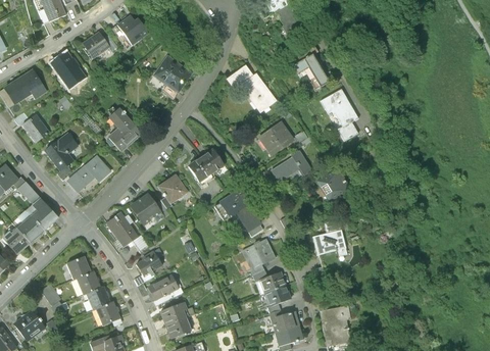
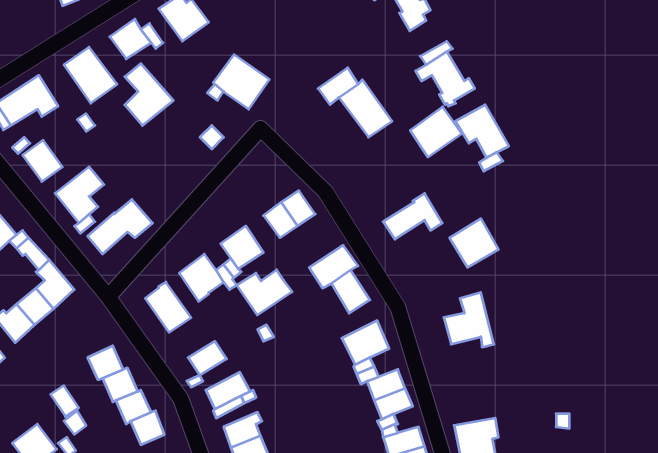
building: [108,108,142,151] -> [125,64,173,126]
building: [258,121,294,156] -> [410,107,462,157]
building: none -> [237,270,292,315]

